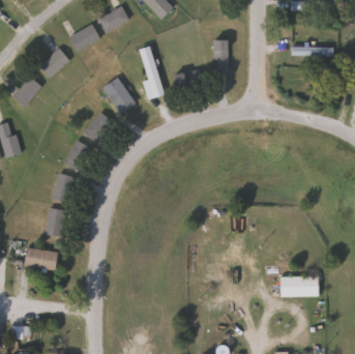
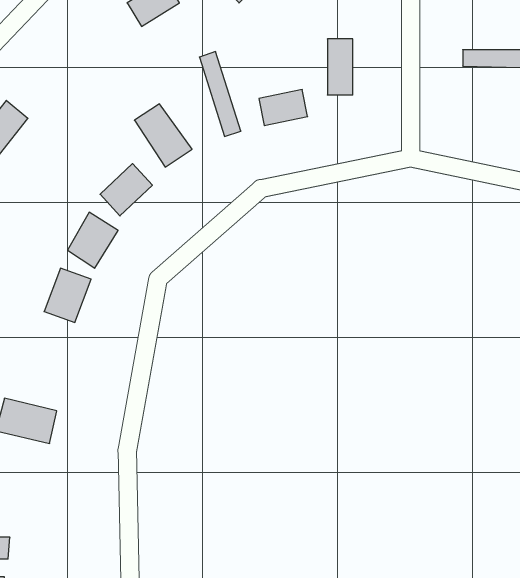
building: [68,24,100,52] -> none
building: [38,49,69,79] -> none
building: [46,208,65,236] -> none
building: [279,276,318,297] -> none

